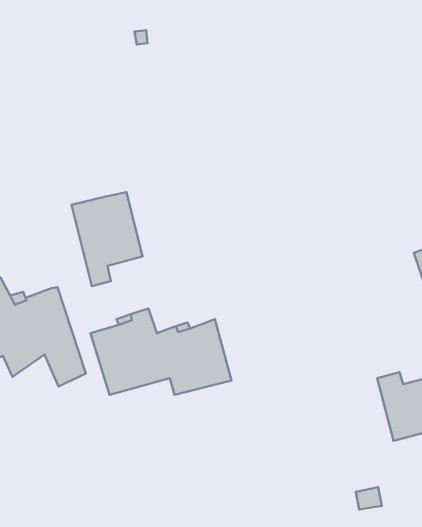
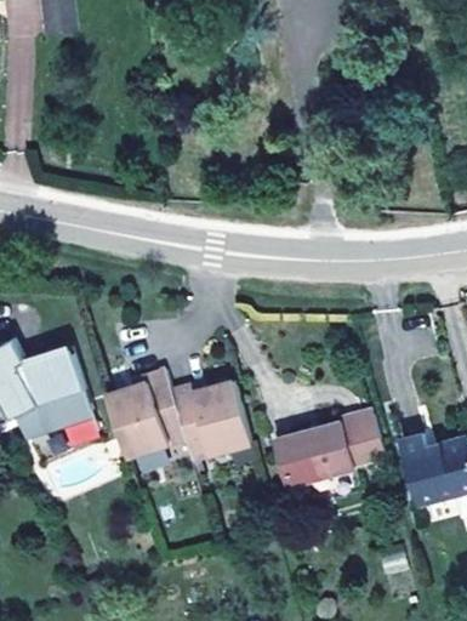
building: [72,192,143,286] -> none
building: none -> [272,414,386,485]

